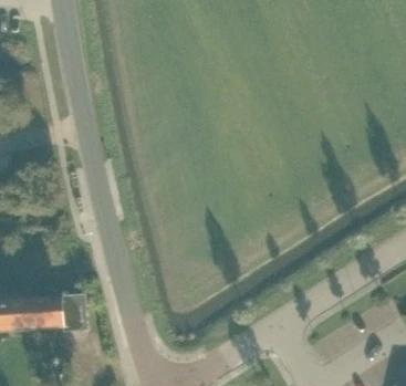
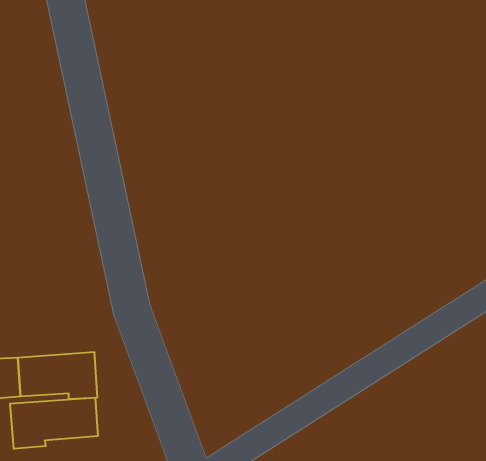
building: none -> [10,398,98,449]

